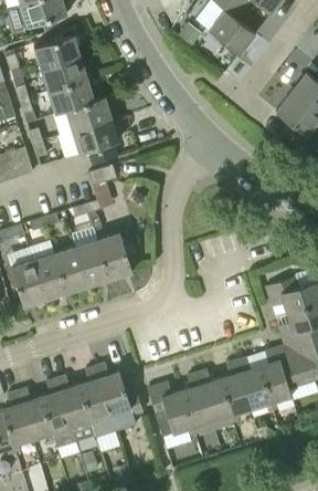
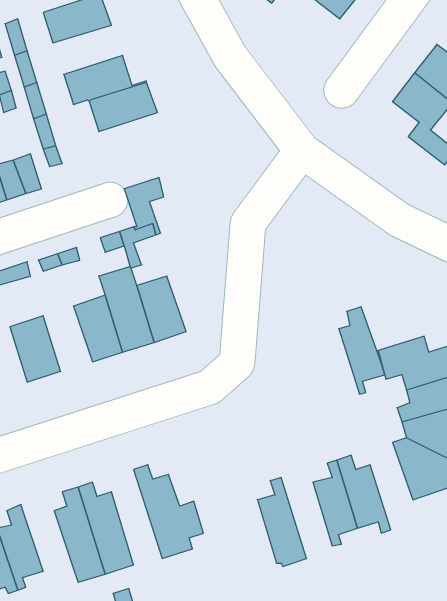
building: [40,59,88,93] -> none
building: [59,119,119,165] -> none
building: [33,254,67,300] -> none
building: [261,349,293,410] -> [339,307,385,394]
building: [81,368,116,437] -> none
building: [199,370,234,430] -> none
building: [148,383,195,437] -> none
building: [18,389,55,441] -> none

